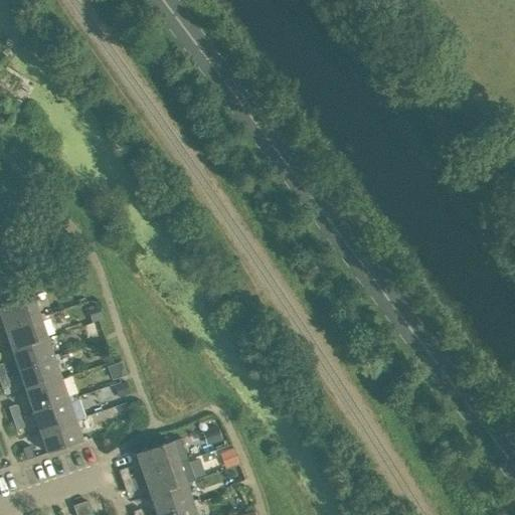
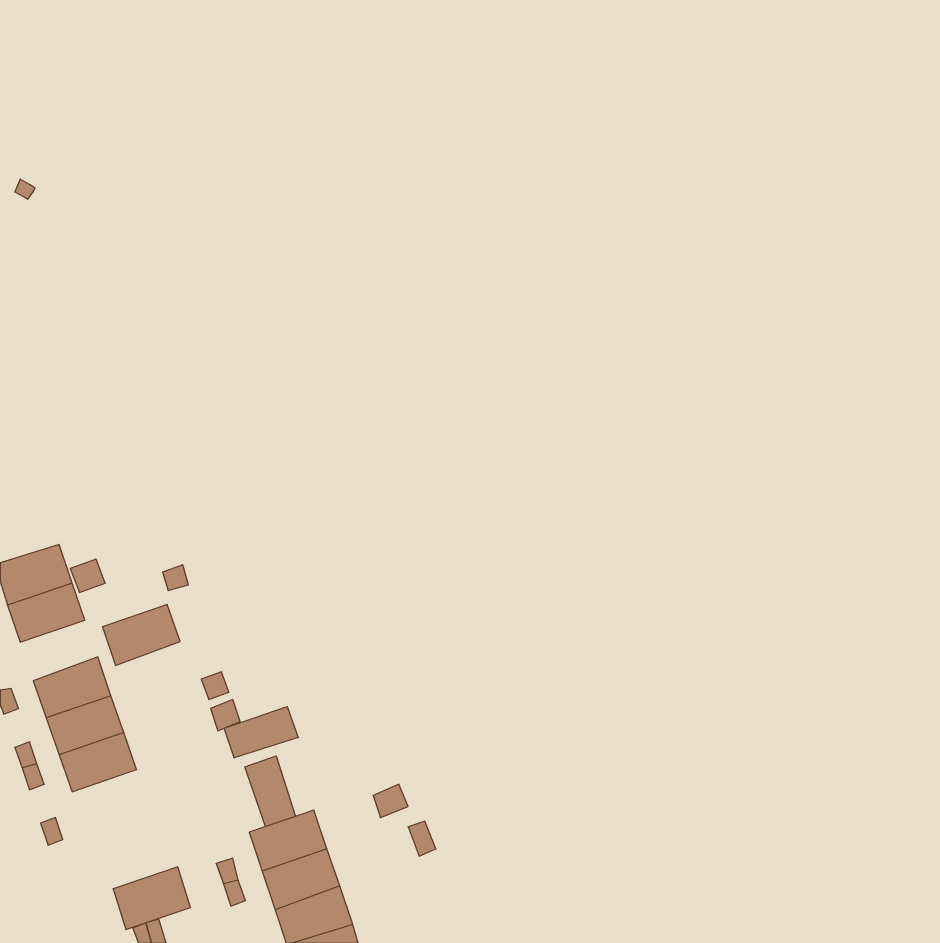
building: [13,338,55,371] -> [103,605,180,665]
building: none -> [224,707,298,758]
building: none -> [245,756,295,827]
building: [41,419,83,454] -> [113,867,191,930]

